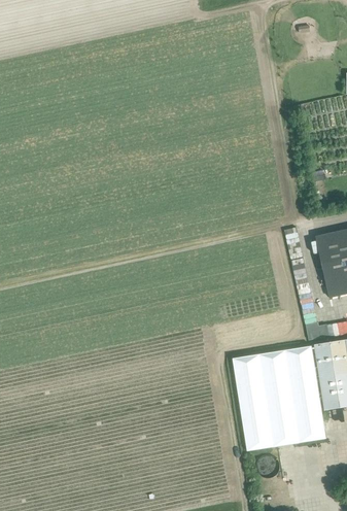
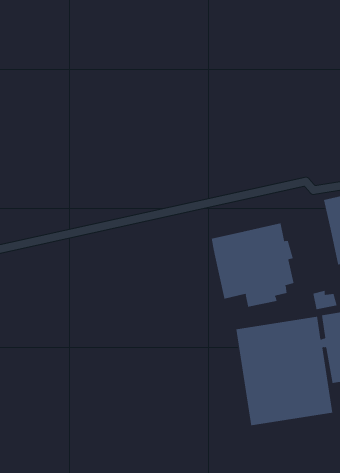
building: none -> [211,222,294,308]

